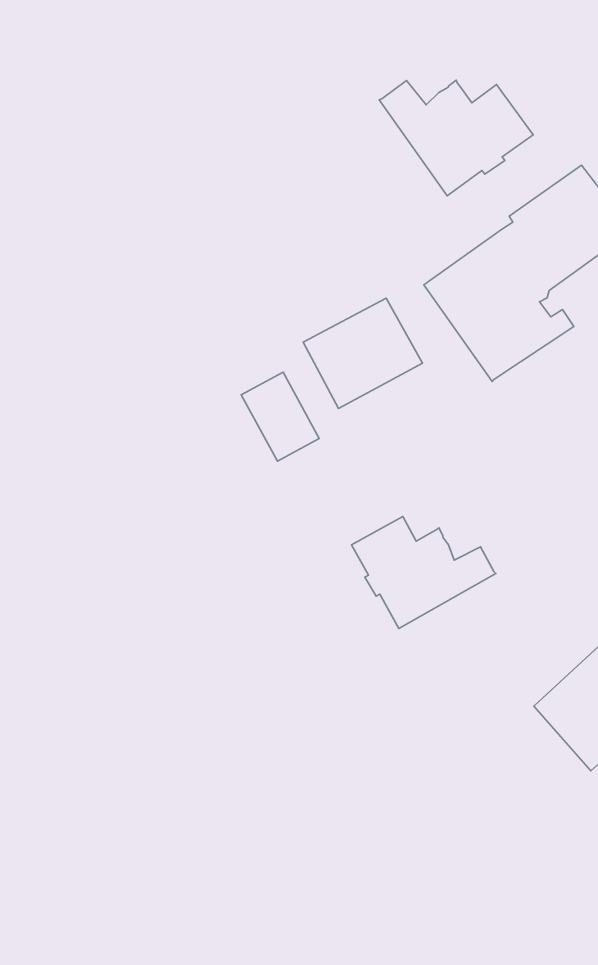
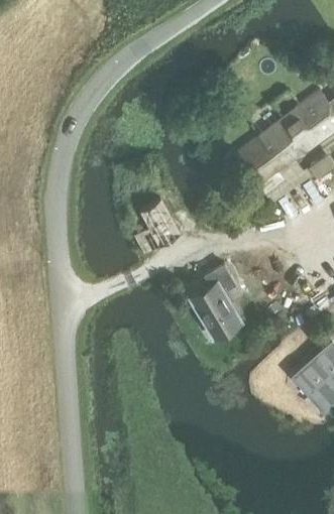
building: [379,80,533,196] -> none
building: [303,298,422,409] -> none

